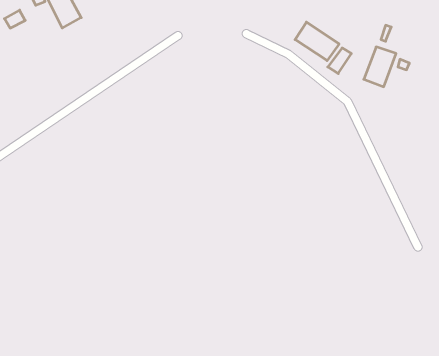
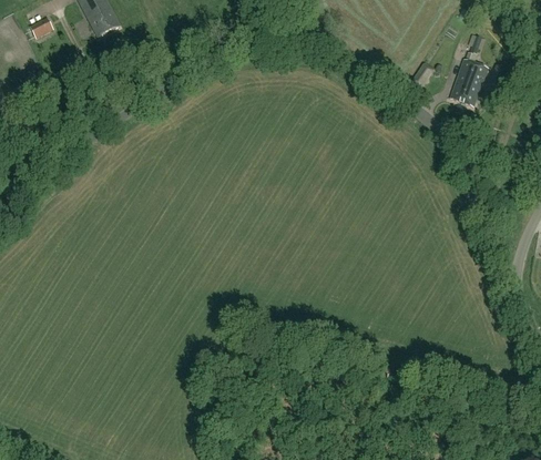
building: [295,22,339,61] -> none

